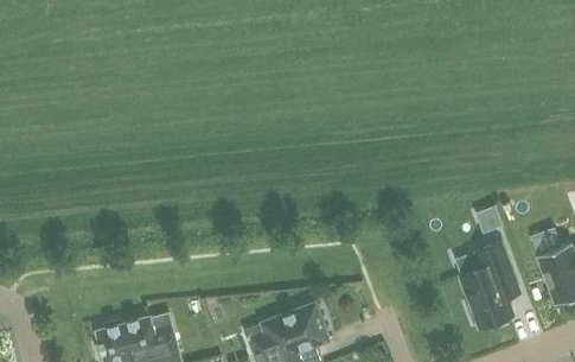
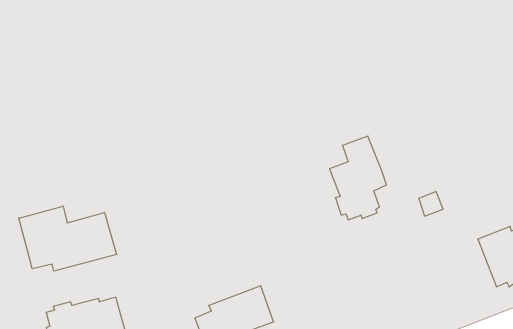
building: none -> [19,206,117,271]
building: [461,242,519,328] -> [330,136,386,220]

